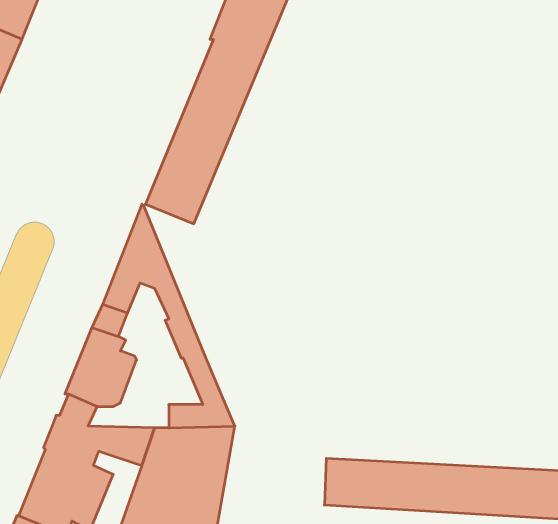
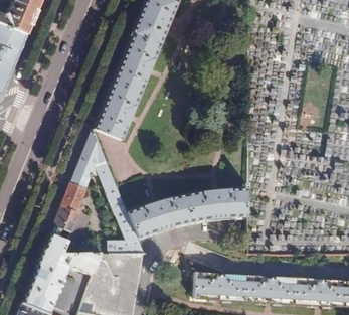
building: none -> [128,183,248,240]

